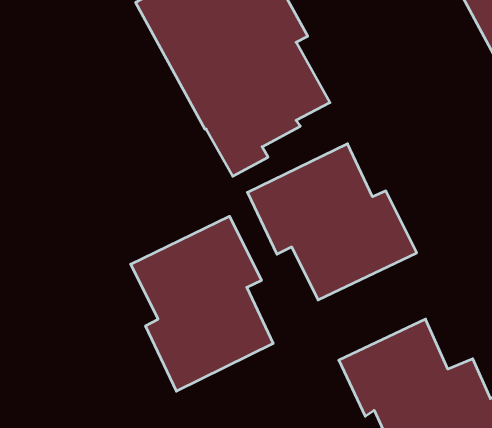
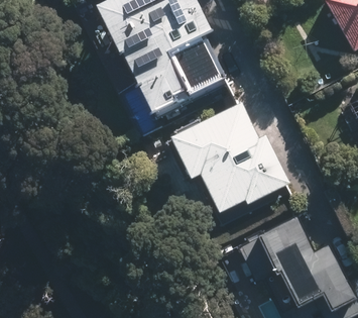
building: [131,216,273,391] -> none

